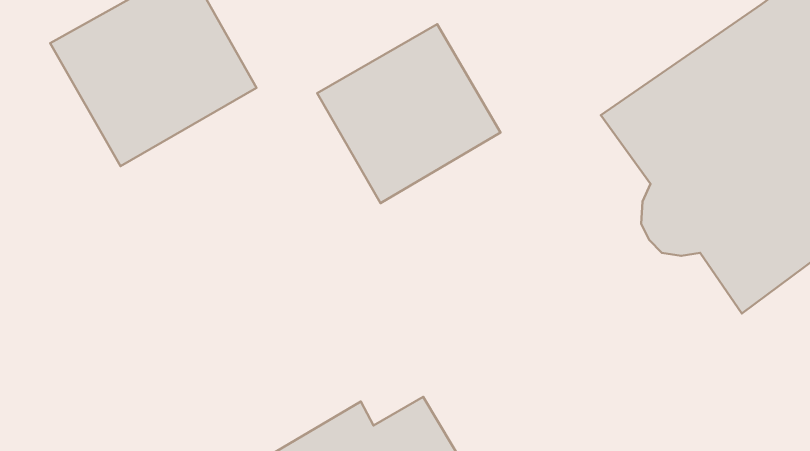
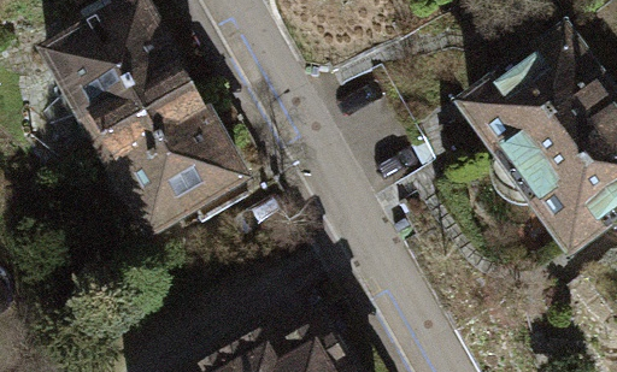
building: [317,24,500,203] -> none
building: none -> [93,83,252,241]

